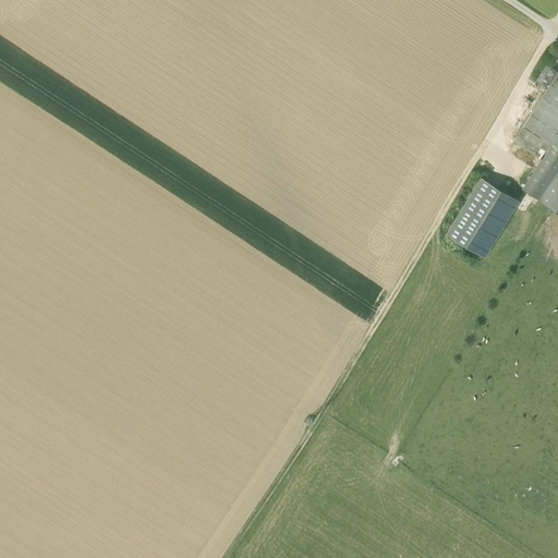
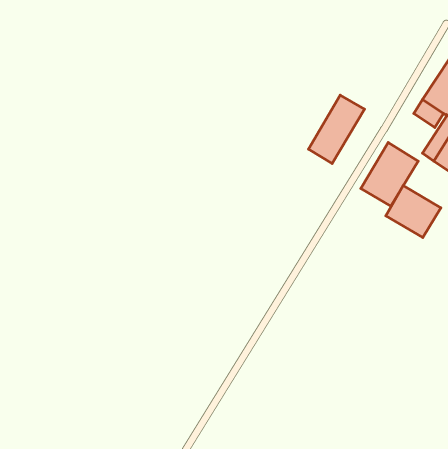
building: none -> [309,95,364,163]
building: none -> [386,186,441,237]

